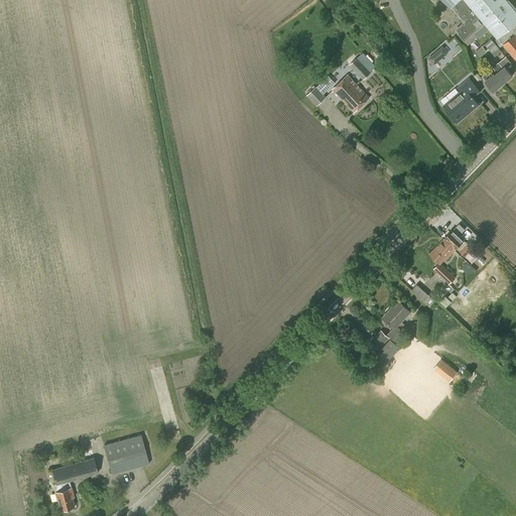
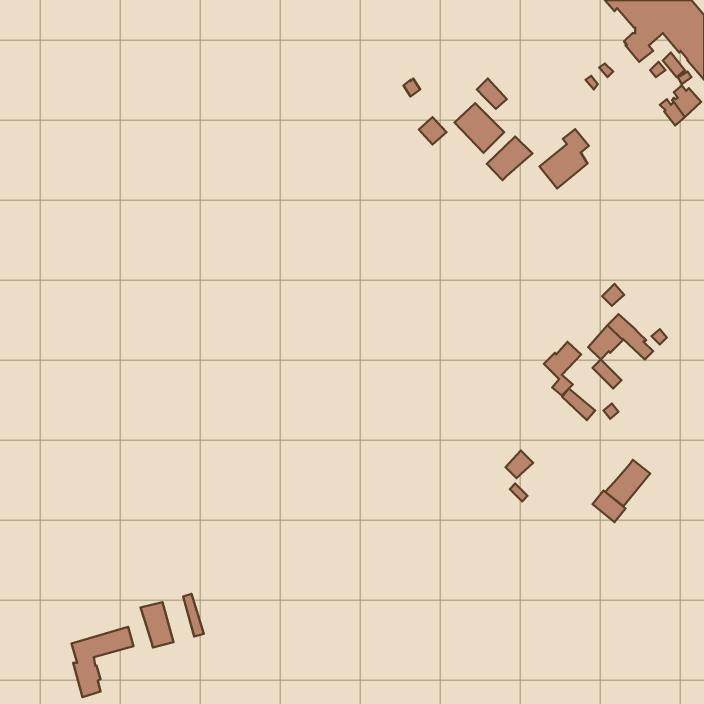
building: [443,79,480,122] -> [539,129,589,188]
building: none -> [487,136,532,180]
building: [383,301,410,341] -> [544,342,581,396]
building: none -> [605,460,650,506]

